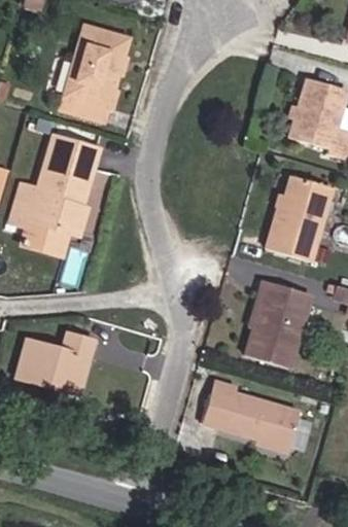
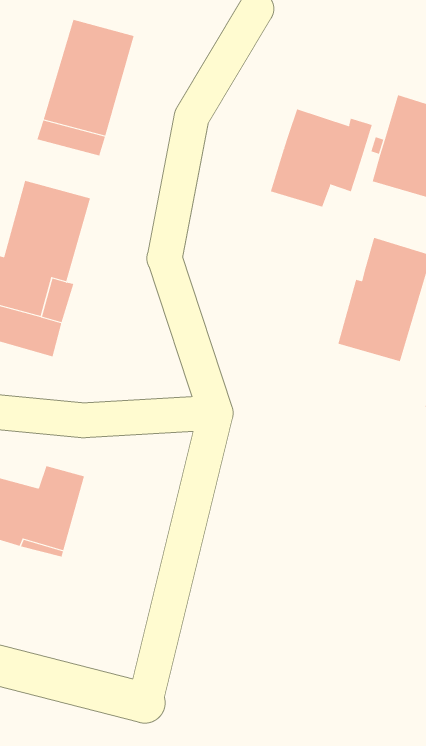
building: none -> [270,109,372,207]
building: [243,282,309,368] -> none
building: [200,383,297,448] -> none

